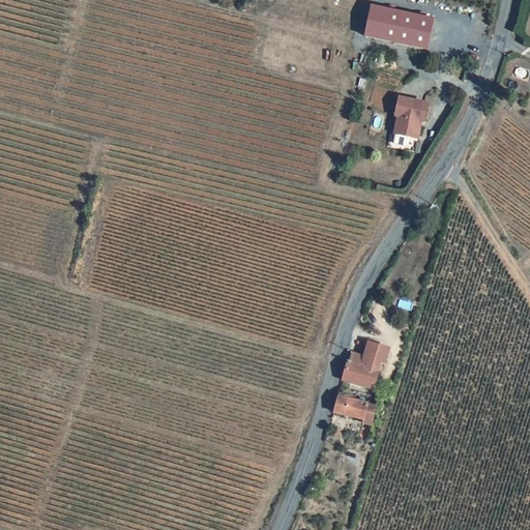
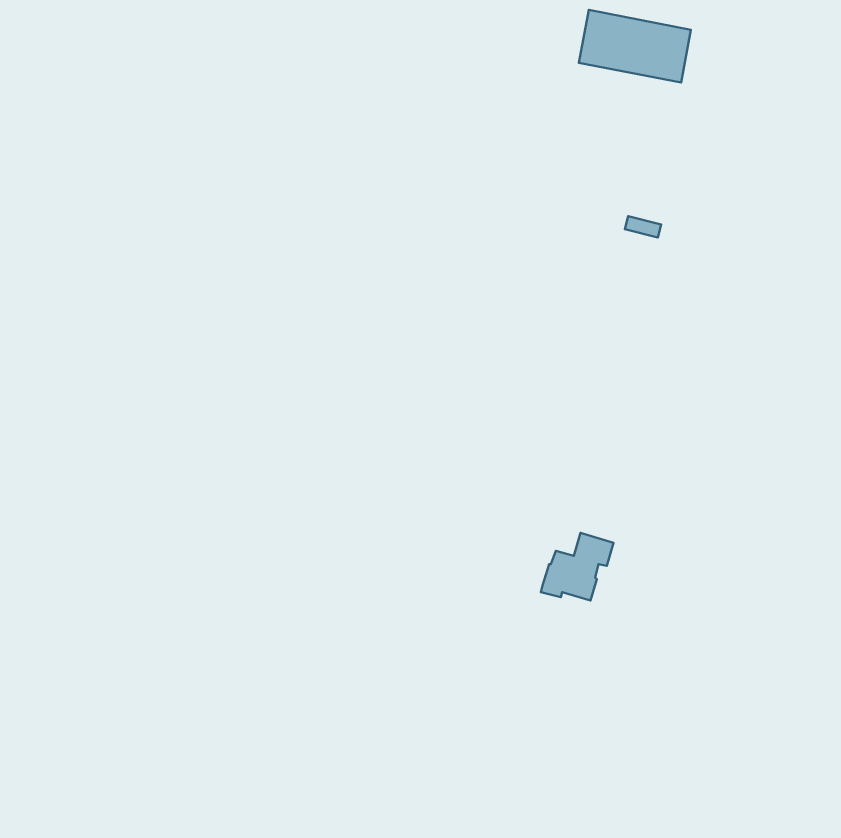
building: [398,95,430,136] -> none
building: [332,388,373,420] -> none

